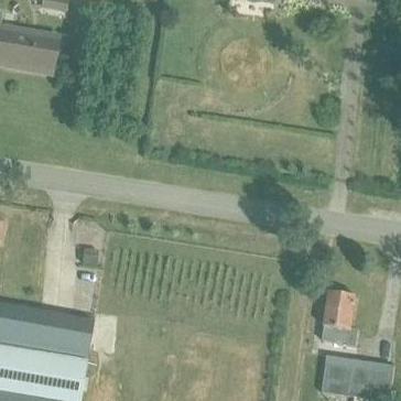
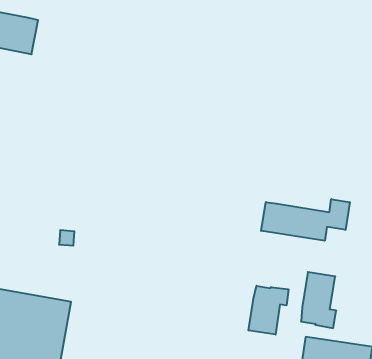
building: none -> [261,199,350,241]
building: none -> [248,286,288,335]

